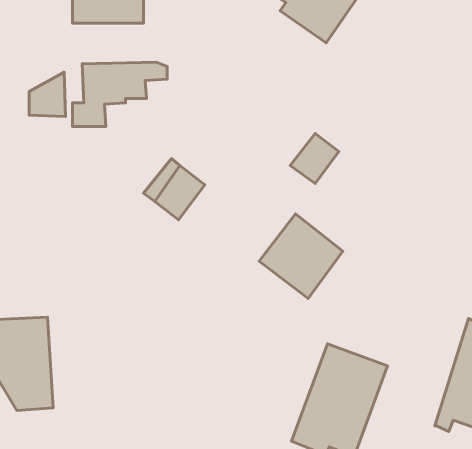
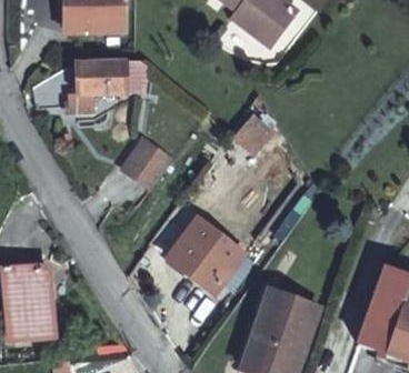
building: [259,214,343,299] -> [171,218,238,285]

